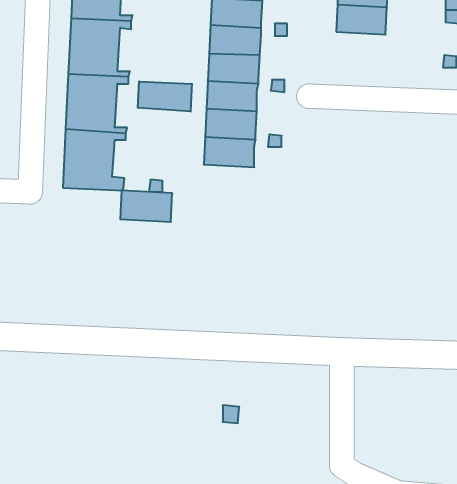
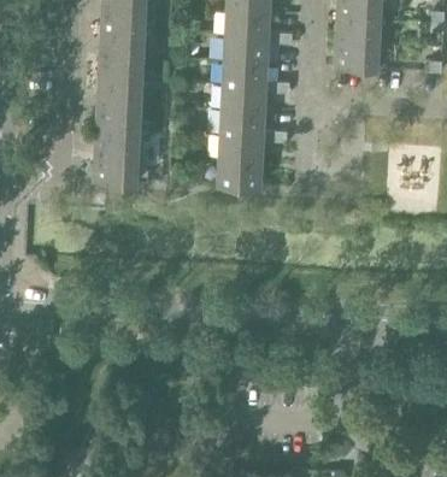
building: none -> [334,42,378,71]
building: [138,81,192,112] -> none
building: [120,190,172,222] -> [217,159,263,187]

